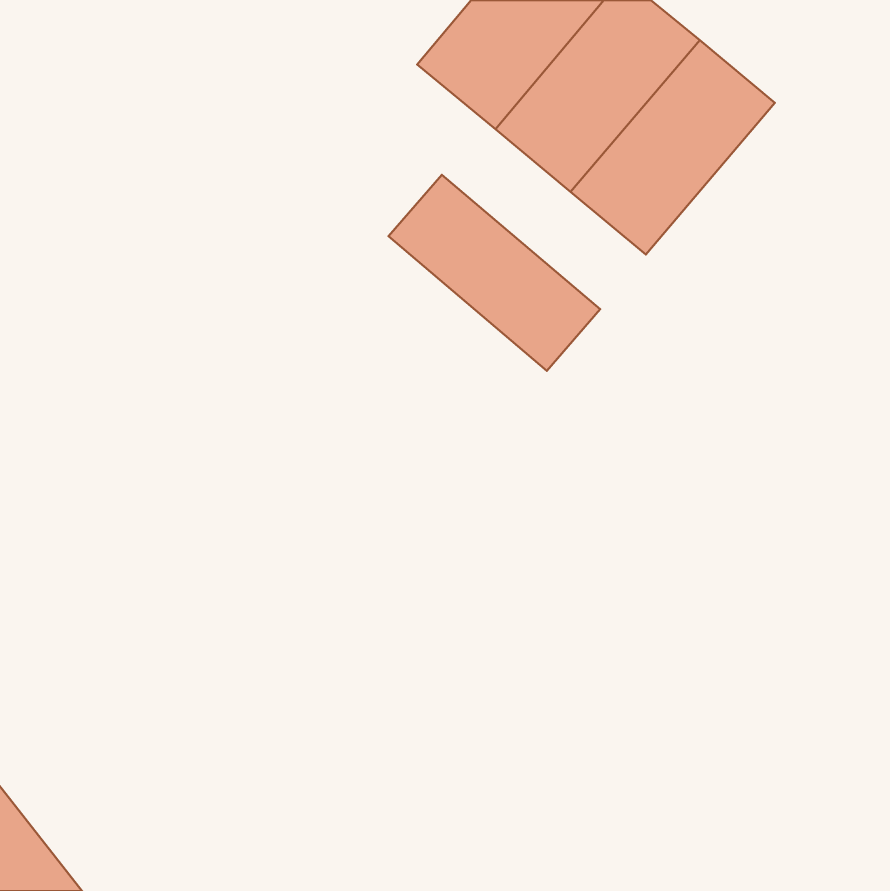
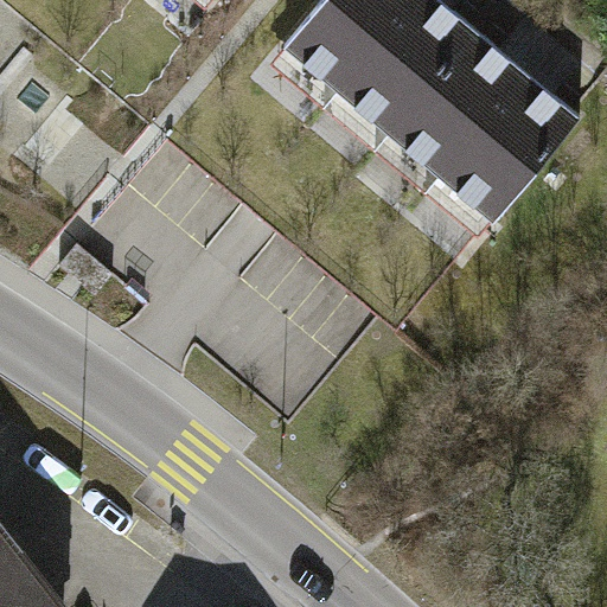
building: none -> [439,70,581,219]
building: [388,175,600,371] -> none

